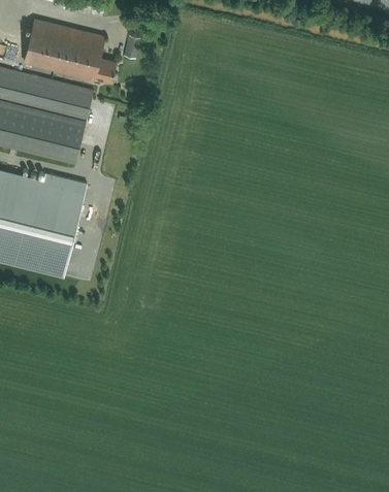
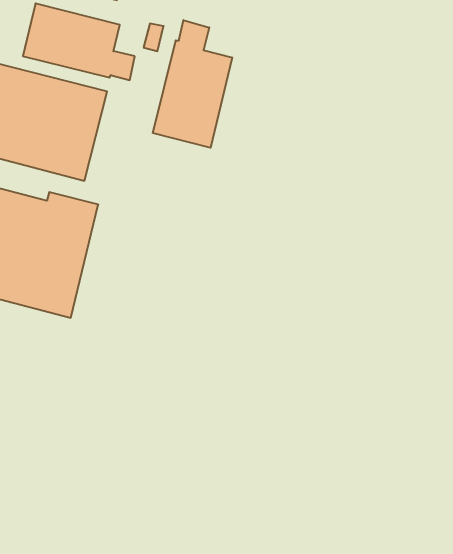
building: none -> [153,20,232,148]

